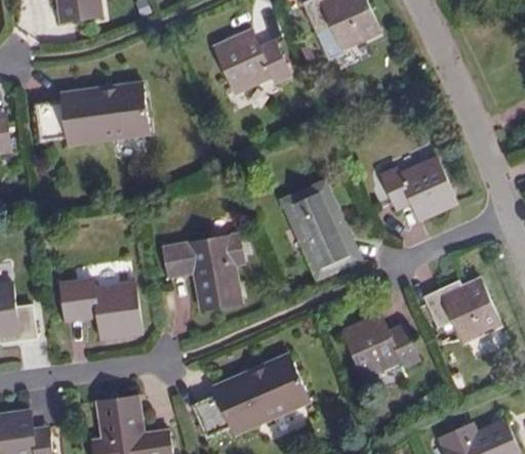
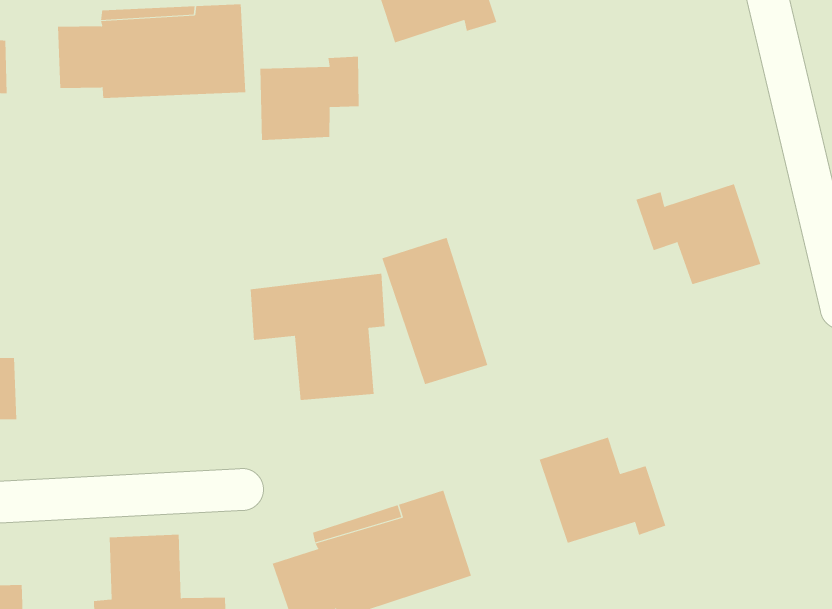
building: none -> [260,56,359,141]
building: [284,185,353,273] -> [381,237,488,385]
building: [423,277,500,340] -> none
building: [59,280,140,338] -> none

